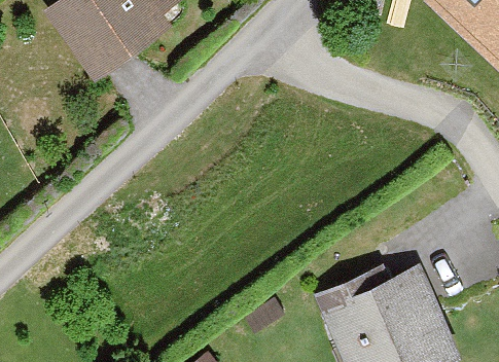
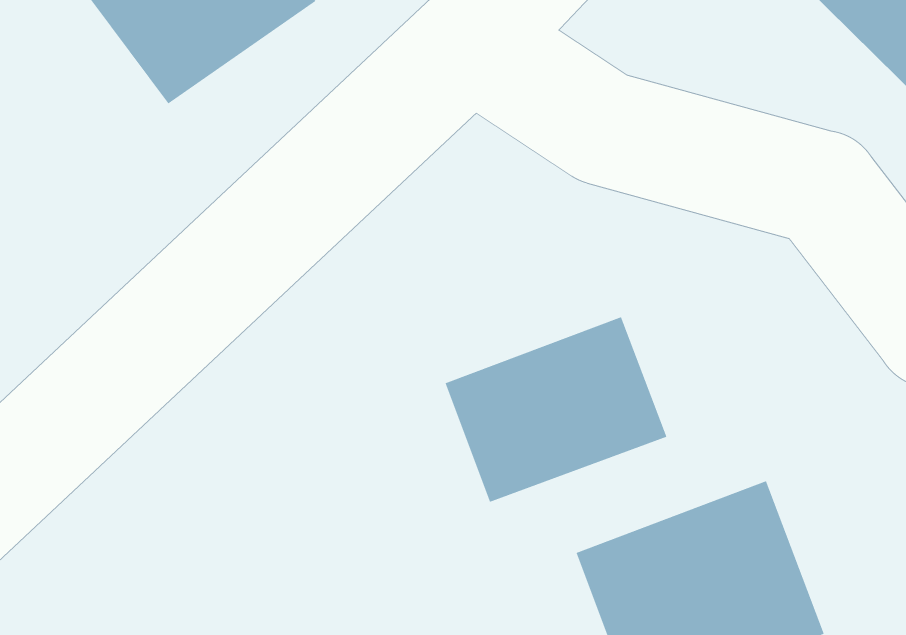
building: none -> [445,316,668,503]

